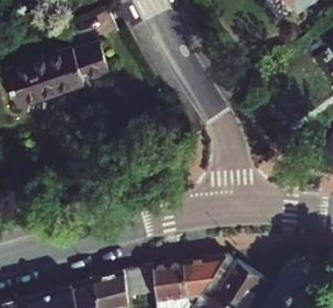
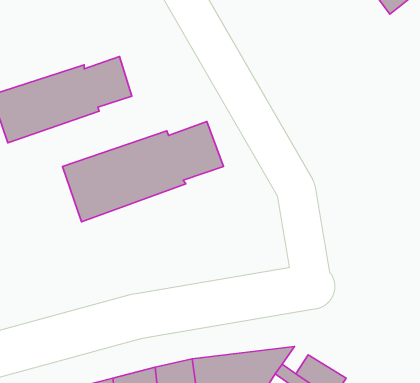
building: none -> [63,121,224,222]

